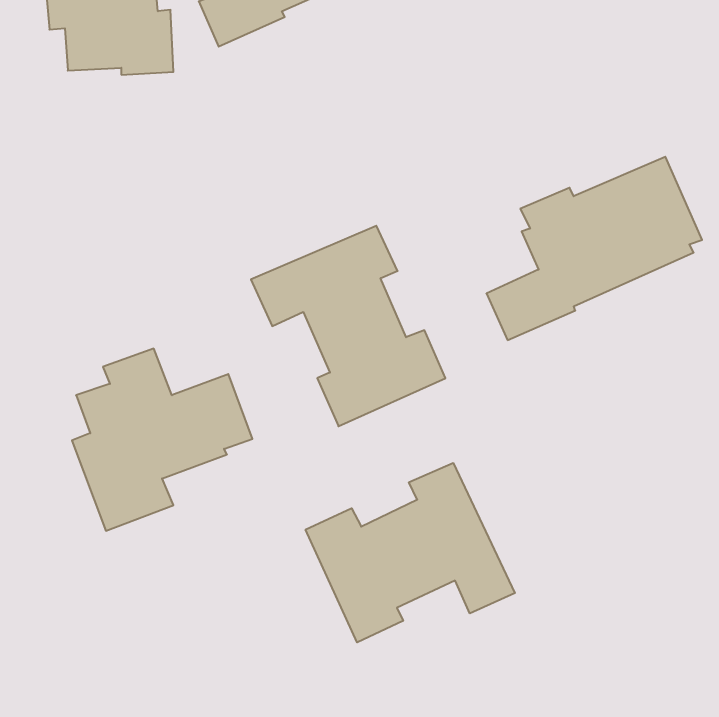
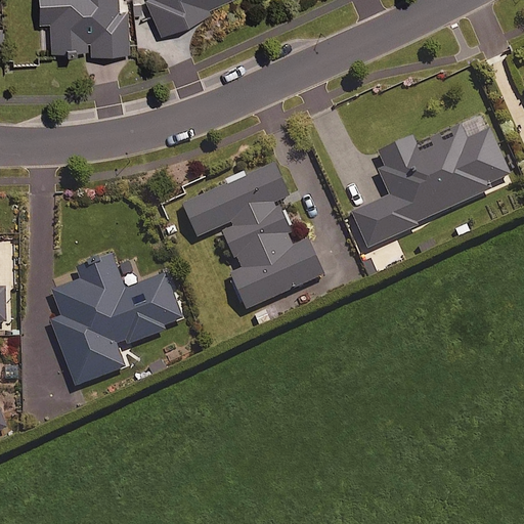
building: [306,463,515,642] -> none

